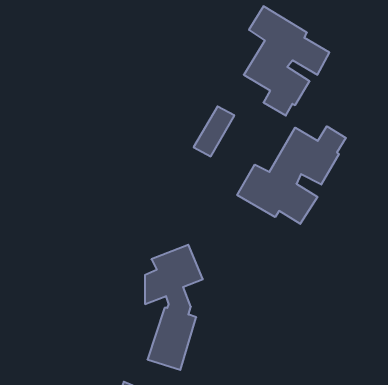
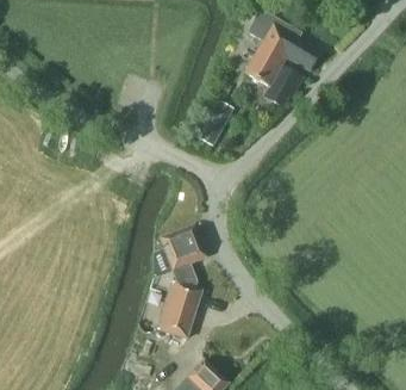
building: [237,126,346,224] -> none

